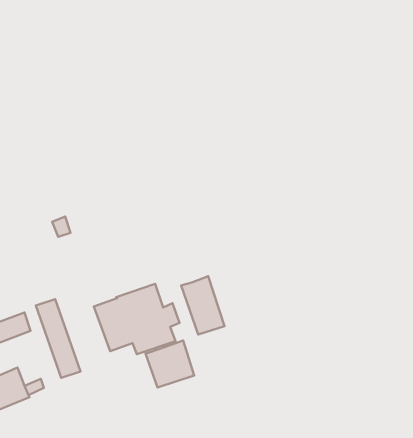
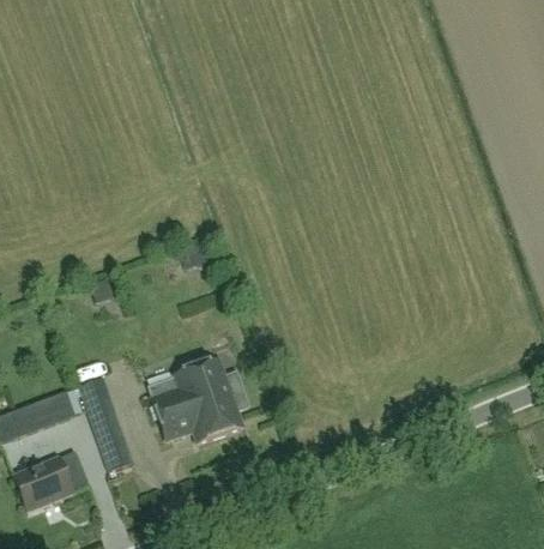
building: [181,276,225,335] -> none
building: [145,341,194,388] -> none

